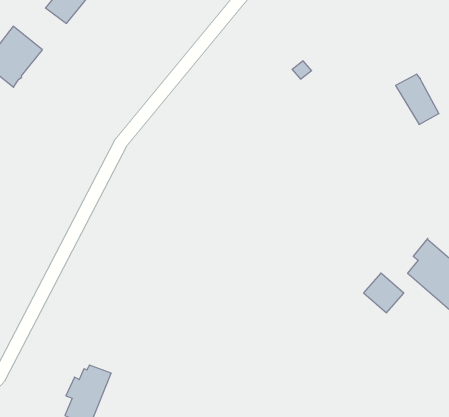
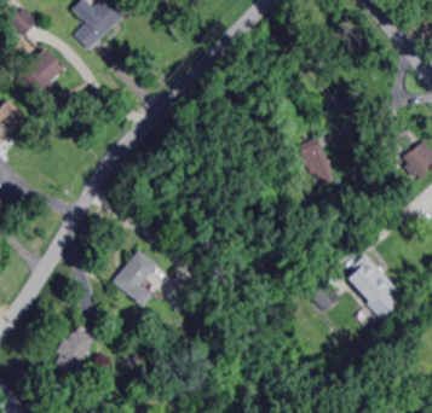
building: [396,74,439,125] -> [300,138,333,179]
building: none -> [114,250,157,307]

